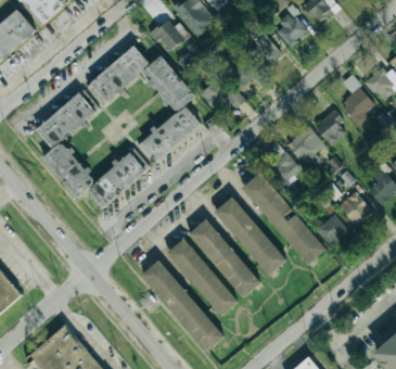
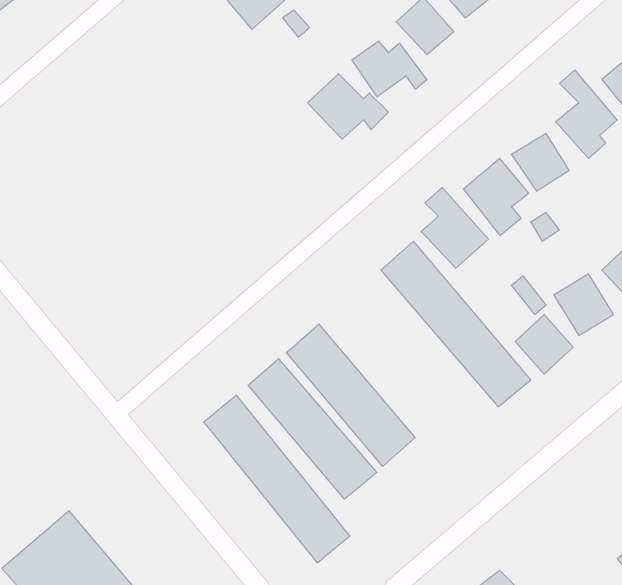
building: [86,46,201,164] -> none
building: [34,91,148,208] -> none
building: [213,196,286,276] -> none

